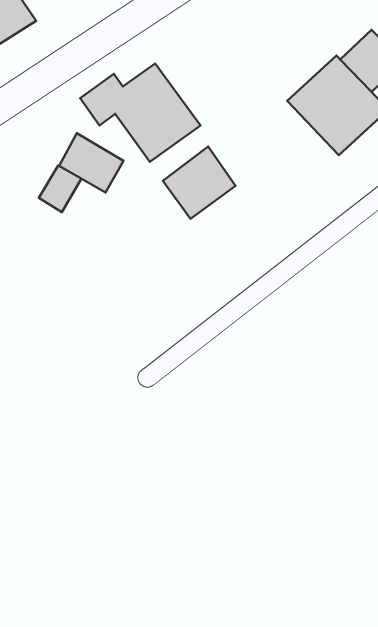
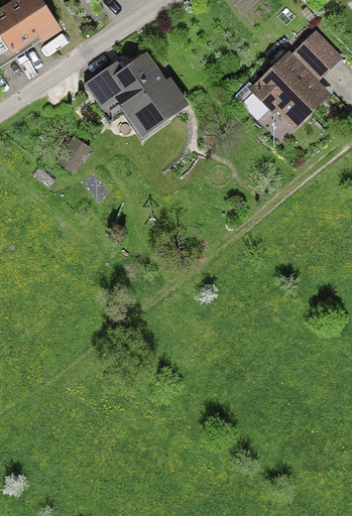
building: [59,133,124,192] -> none
building: [163,147,236,219] -> none

